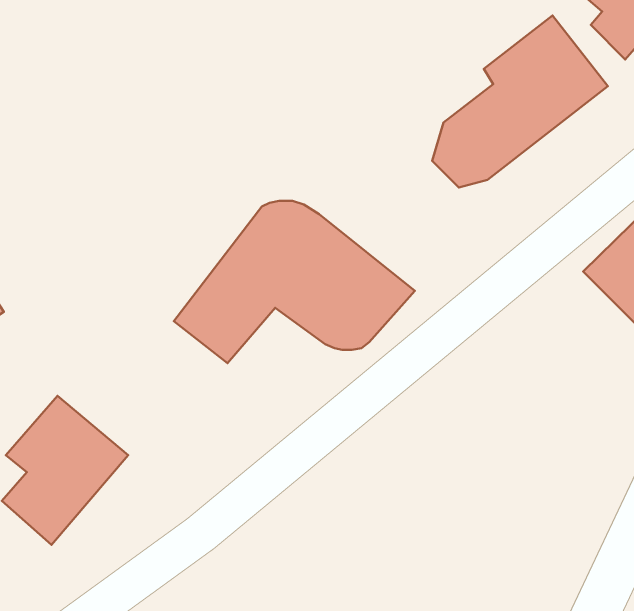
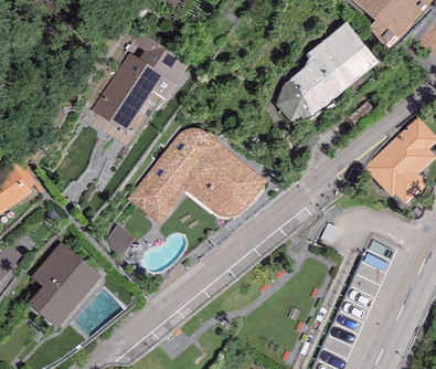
building: none -> [93,36,187,131]

